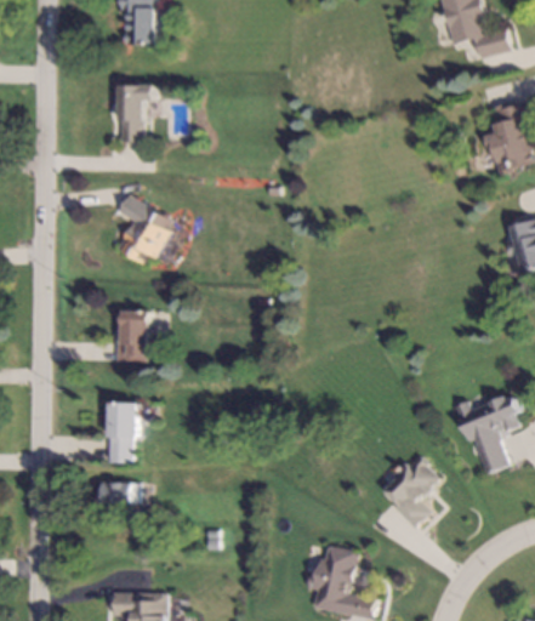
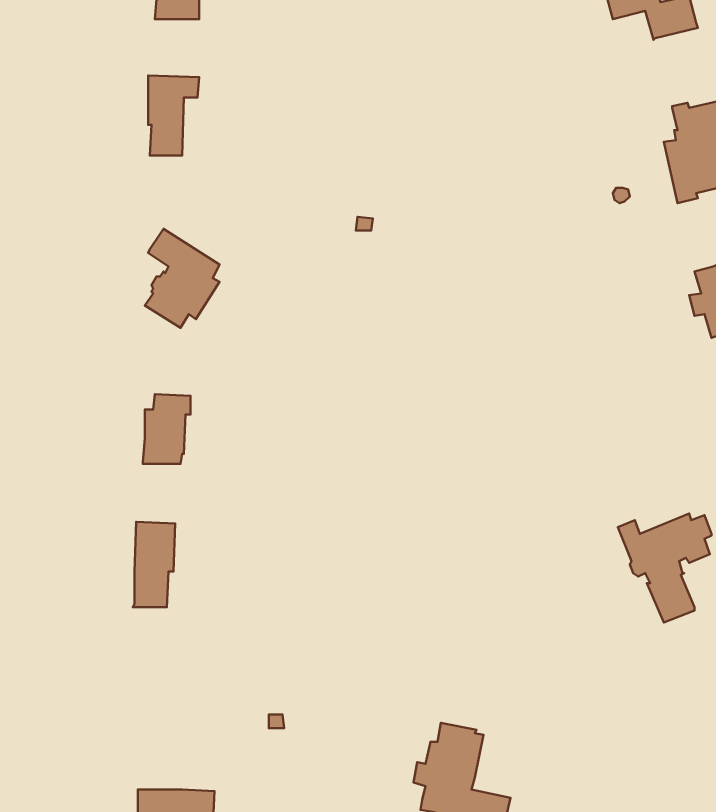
building: [383,455,437,528] -> none
building: [93,482,137,503] -> none

